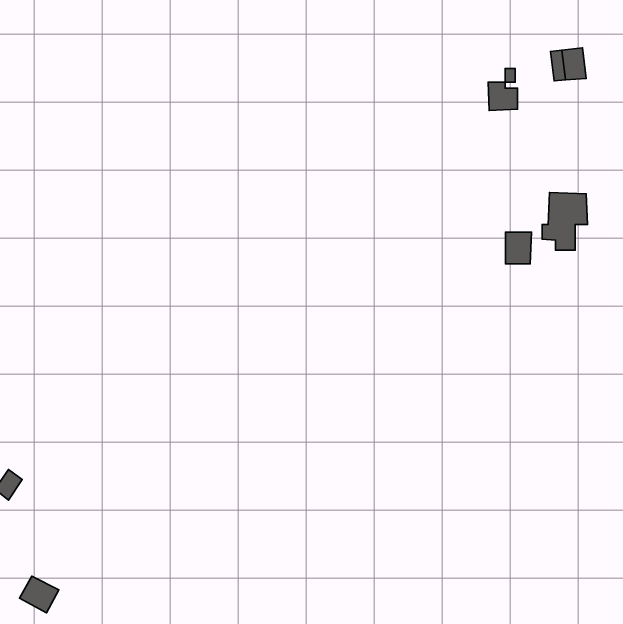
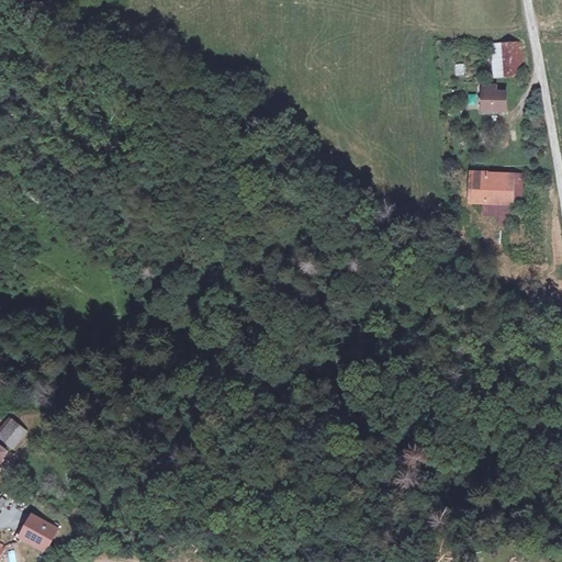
building: [488,82,518,110] -> [480,83,506,109]
building: [506,232,531,264] -> [469,172,492,201]

